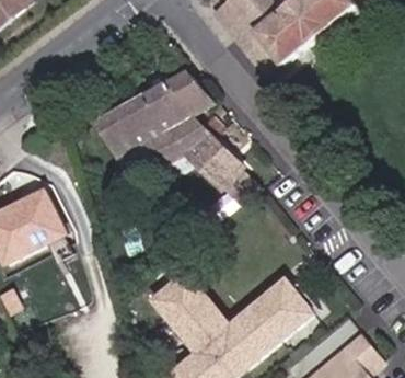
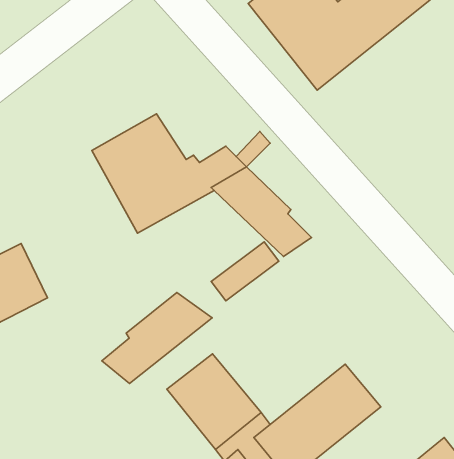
building: [146,70,216,129] -> none
building: none -> [102,293,212,384]

